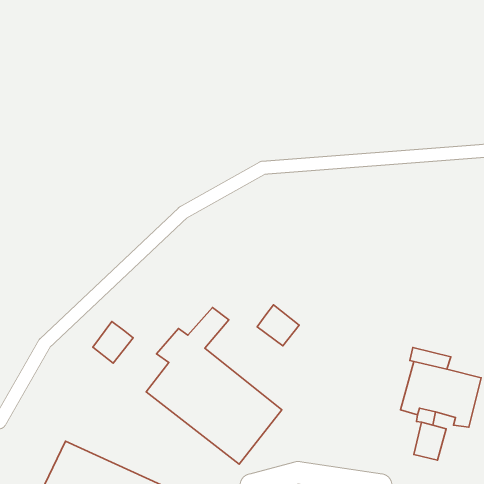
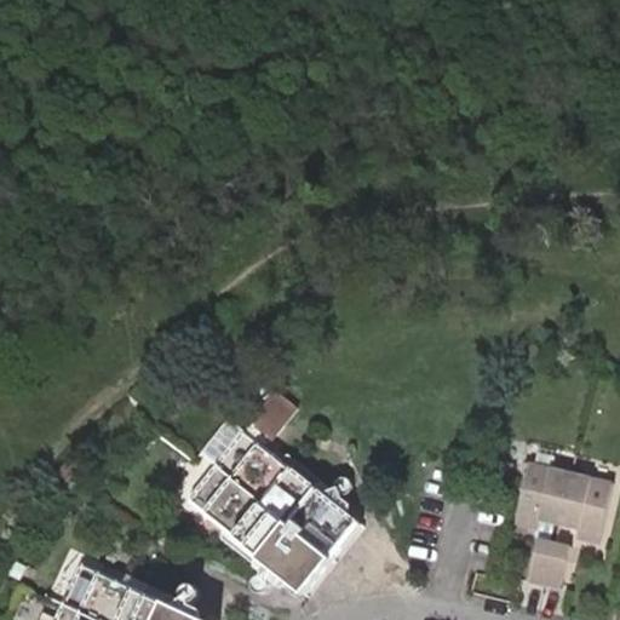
building: [257,305,299,346] -> none
building: [93,322,133,363] -> none

